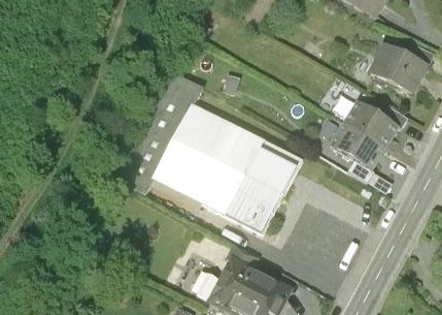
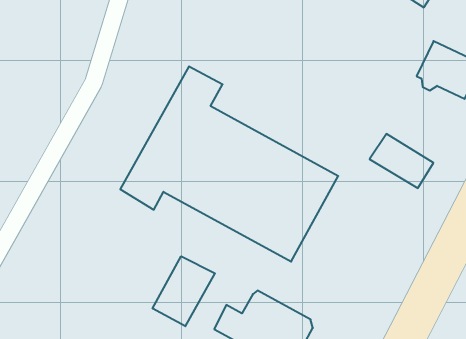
building: [344,103,398,149] -> none
building: none -> [153,256,215,326]

